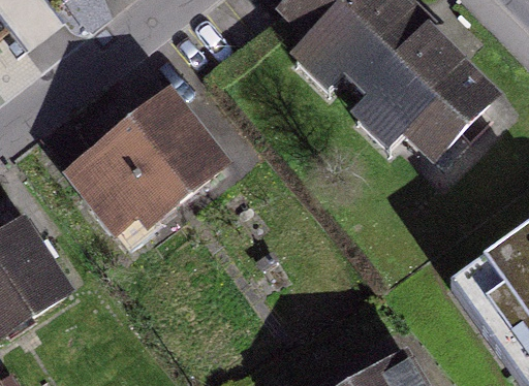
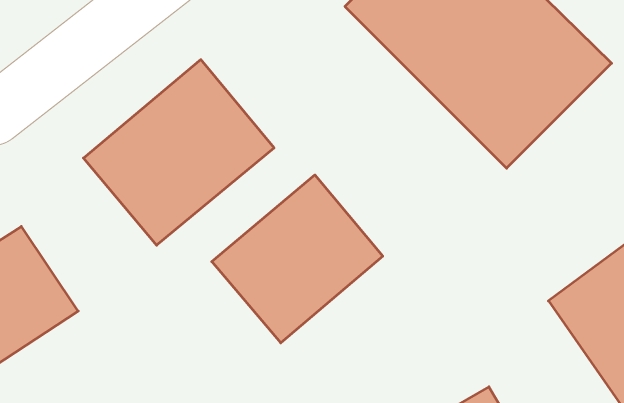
building: none -> [212,175,383,343]

